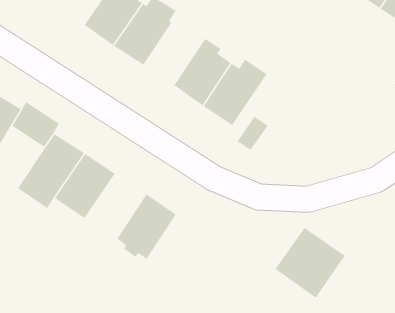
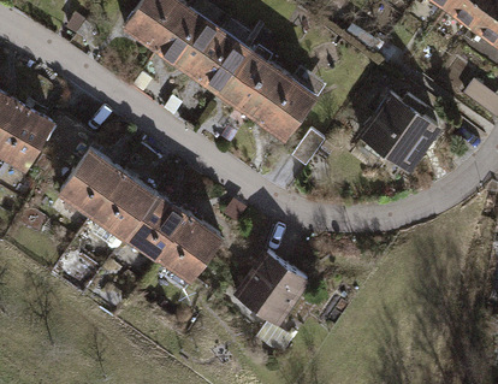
building: none -> [188,19,255,95]
building: none -> [360,91,440,170]
building: none -> [123,193,190,264]
building: [275,227,346,299] -> [232,249,310,327]

